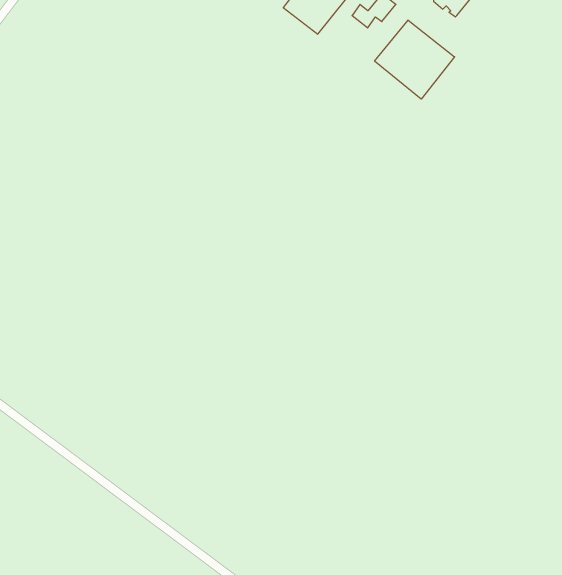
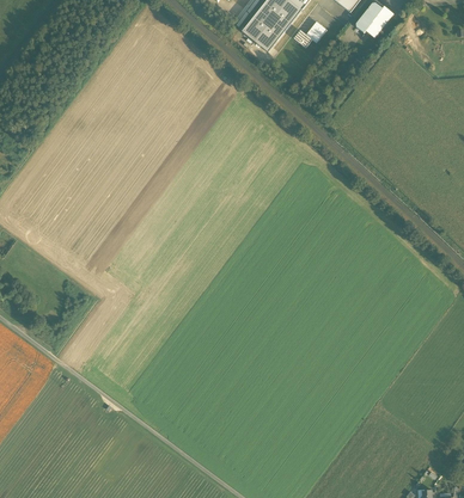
building: [375,20,455,99] -> none

